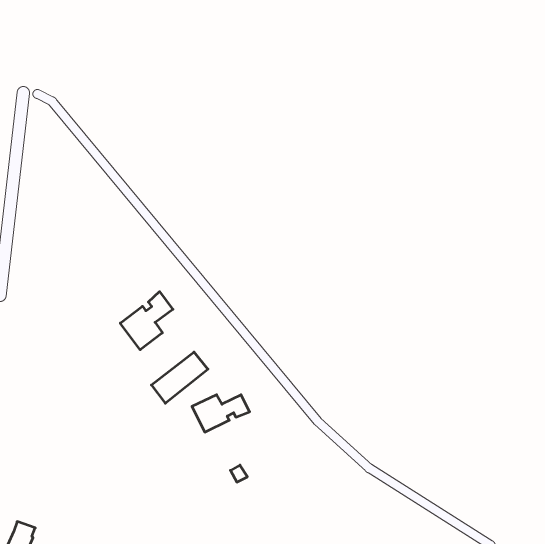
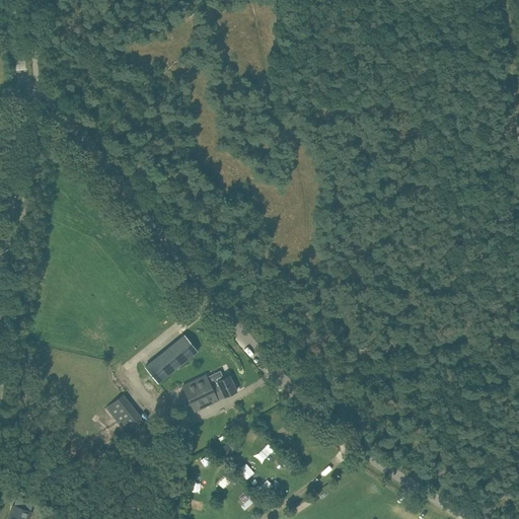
building: [120,292,173,350] -> none
building: none -> [105,395,140,431]

